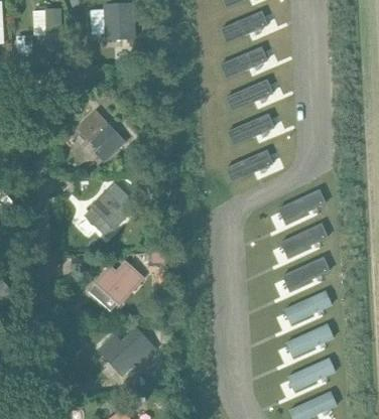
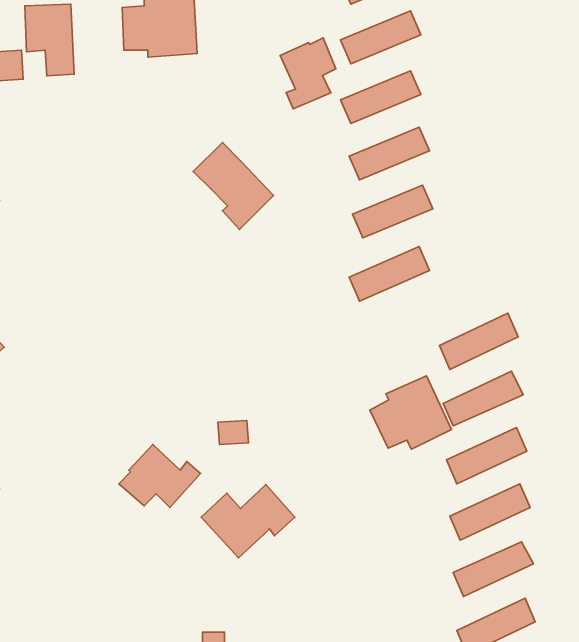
building: none -> [280,38,336,109]
building: [77,111,124,162] -> [193,143,274,230]
building: [83,181,135,238] -> none
building: none -> [370,376,451,449]
building: [99,330,154,374] -> [201,485,295,558]

